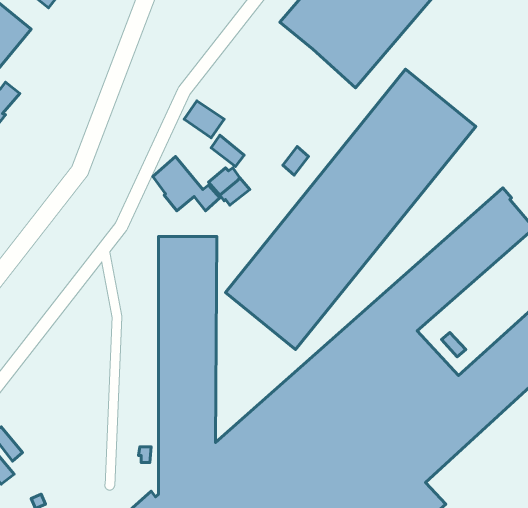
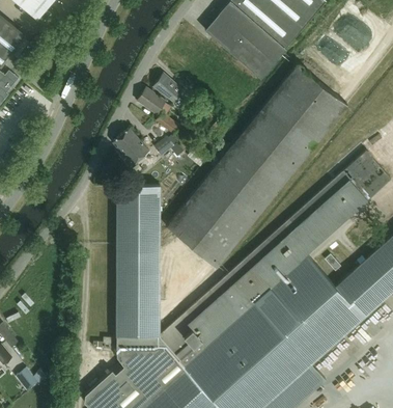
building: none -> [153,75,184,104]

